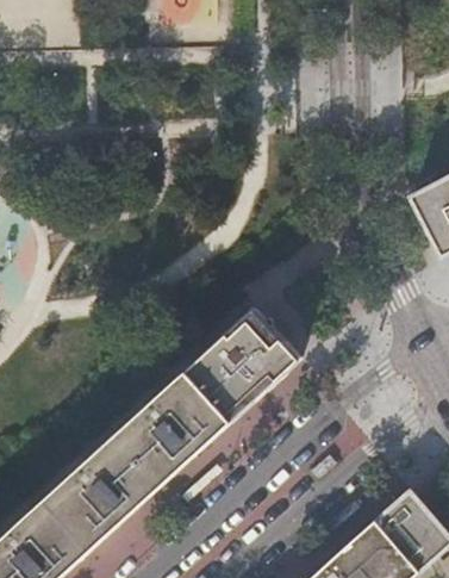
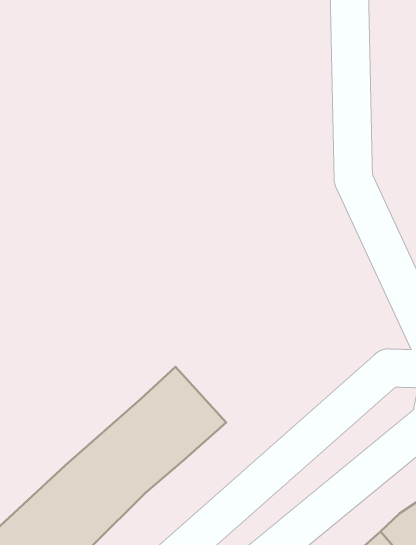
building: [186,310,300,421] -> none

